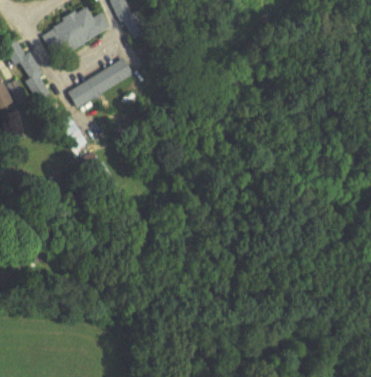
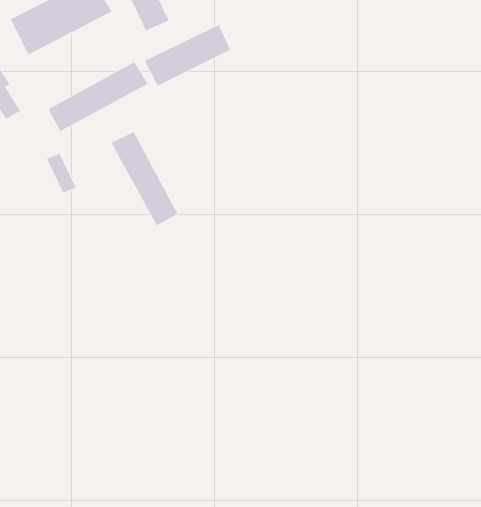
building: none -> [144,24,231,87]
building: none -> [111,131,178,226]

